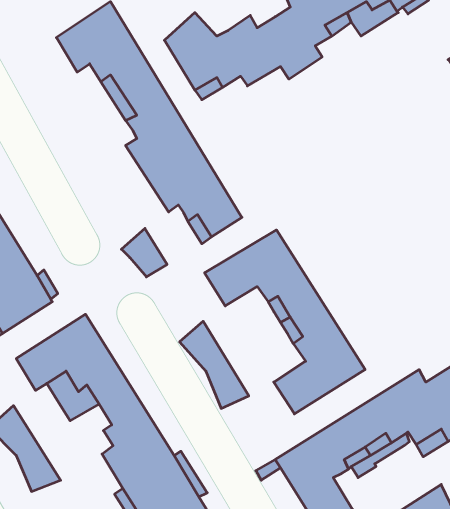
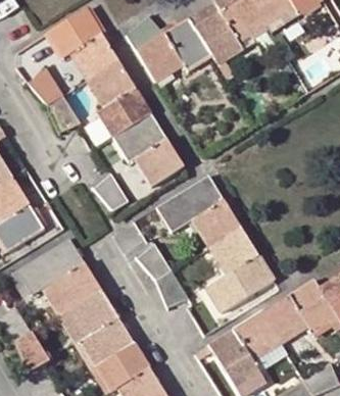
building: none -> [29,67,82,132]
building: none -> [57,304,96,370]

